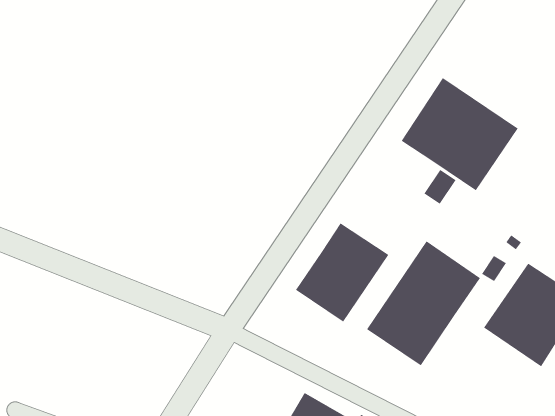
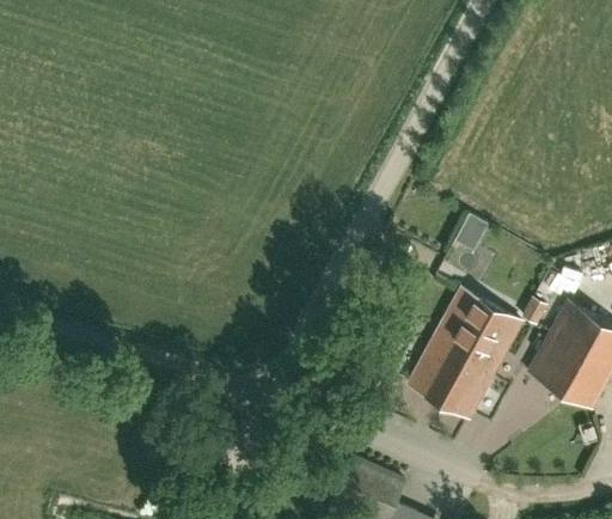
building: [401,77,519,191] -> none
building: [295,222,389,323] -> none

